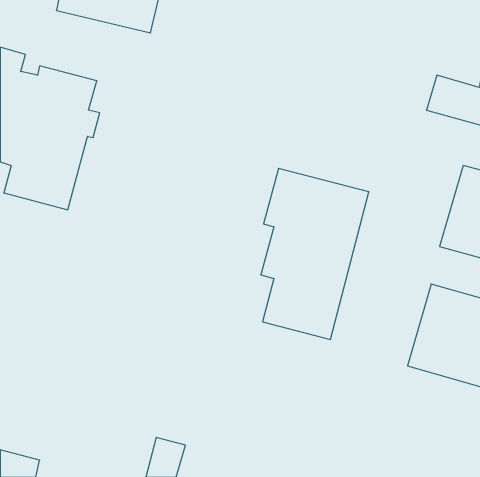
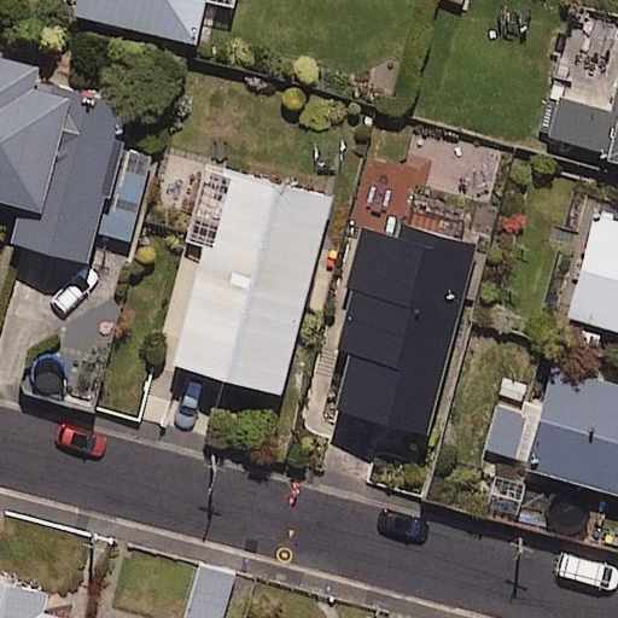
building: none -> [171,163,334,397]

